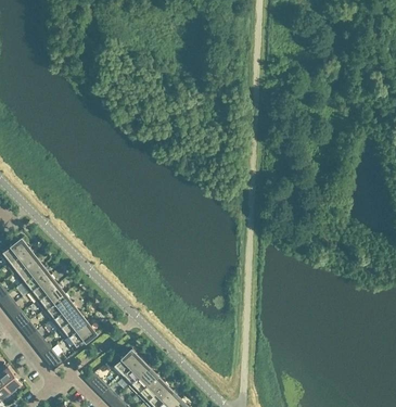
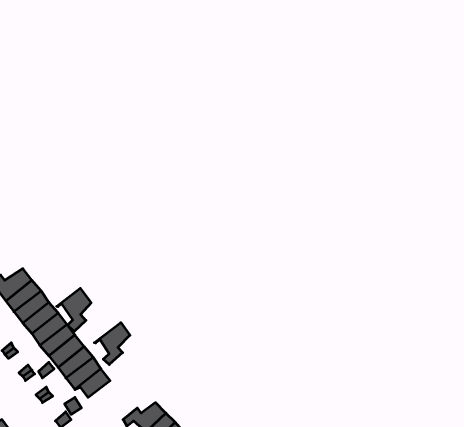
building: none -> [57,288,91,331]
building: none -> [94,323,130,365]

